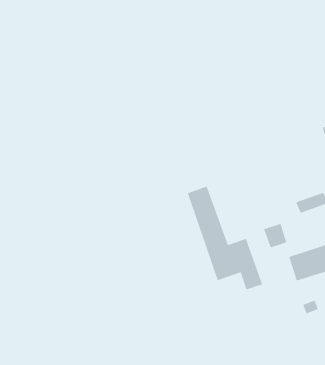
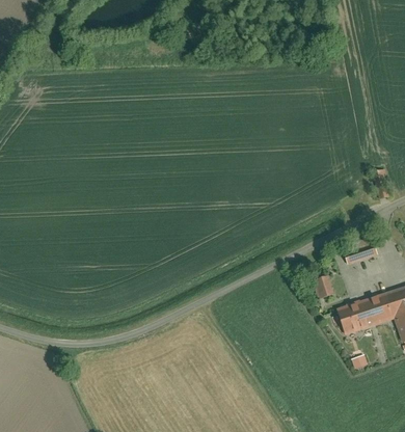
building: [187,186,263,290] -> none

